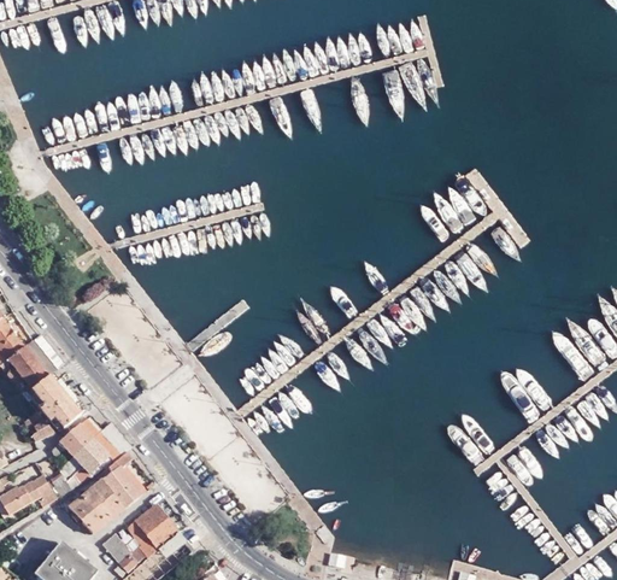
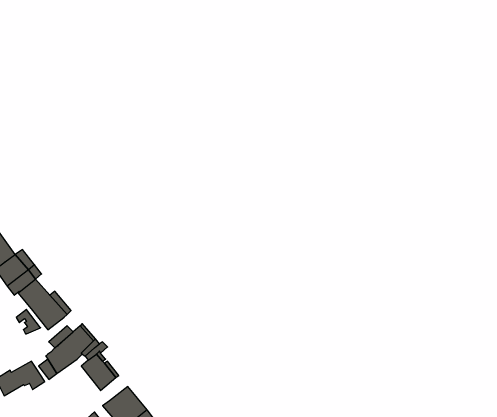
building: [70,479,124,532] -> none

